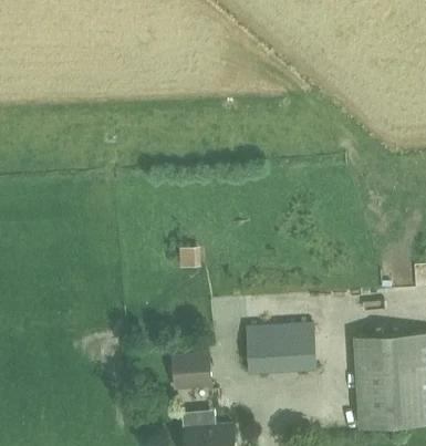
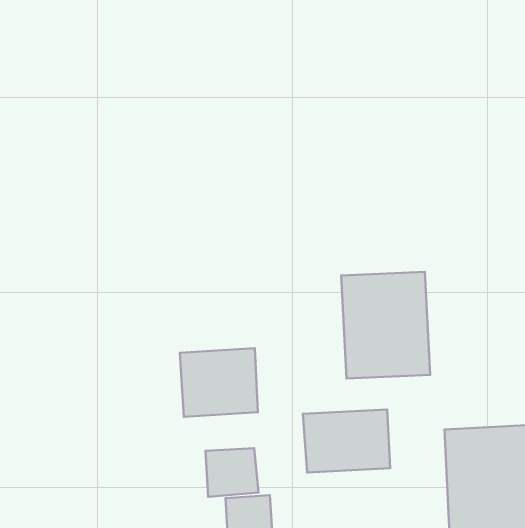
building: none -> [341,272,430,379]
building: none -> [180,348,258,417]

